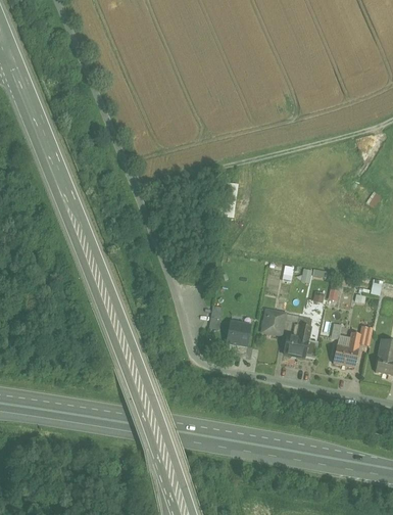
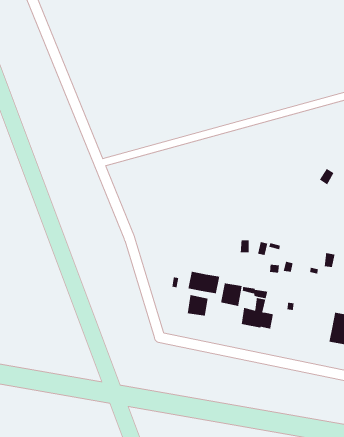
building: none -> [188,271,220,294]
building: [333,332,361,367] -> none

